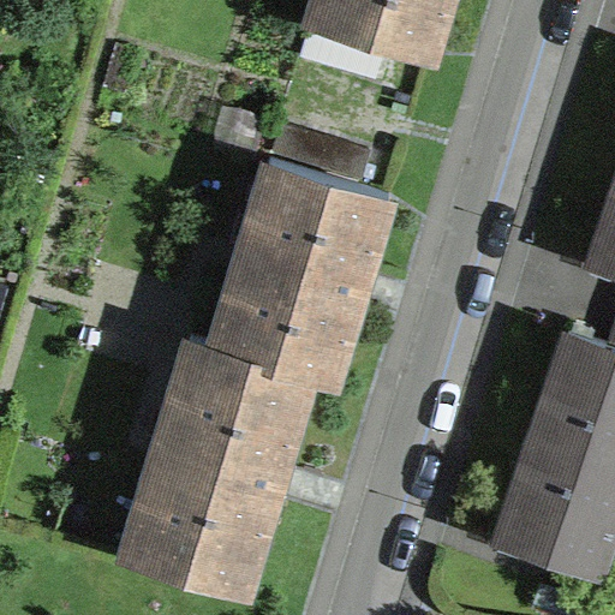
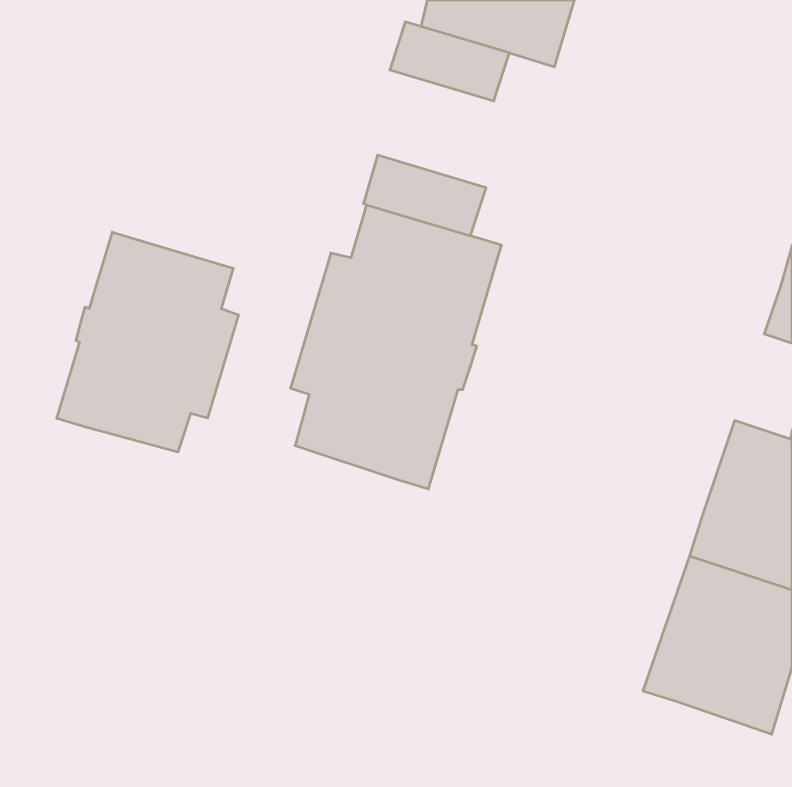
building: none -> [57,232,238,452]
building: [139,342,308,591] -> none

